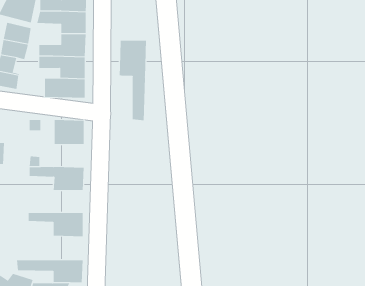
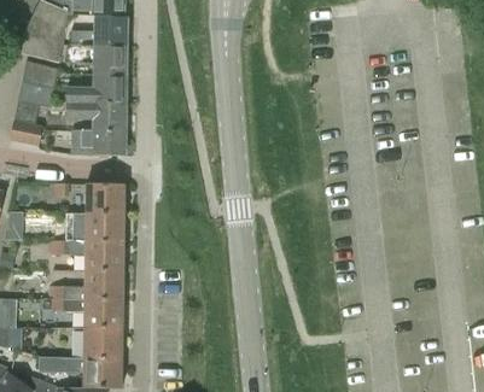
building: [119,40,147,121] -> none
building: none -> [84,213,123,242]
building: none -> [49,271,122,299]
building: none -> [83,328,122,358]

